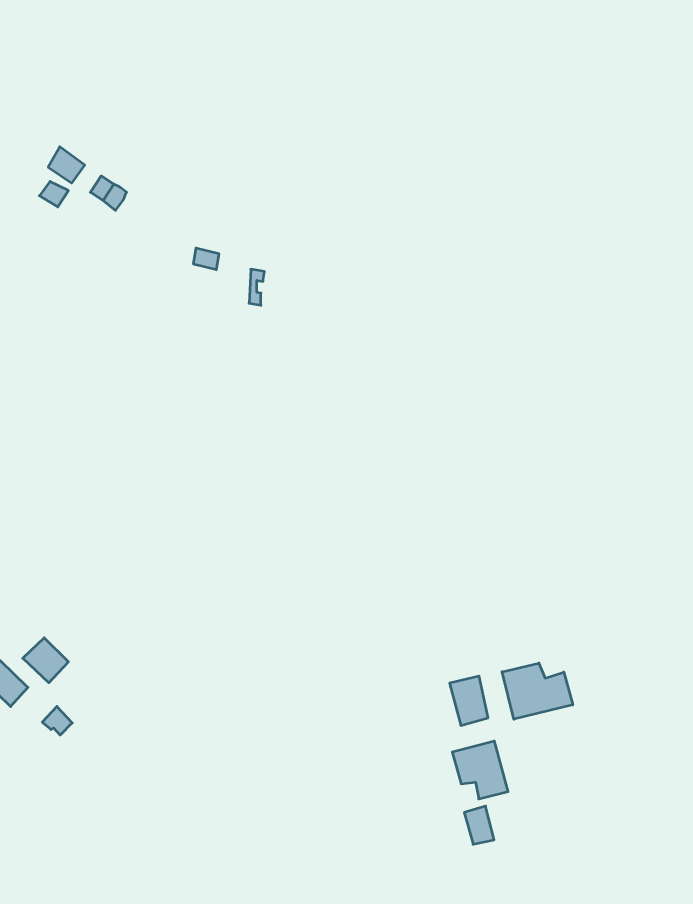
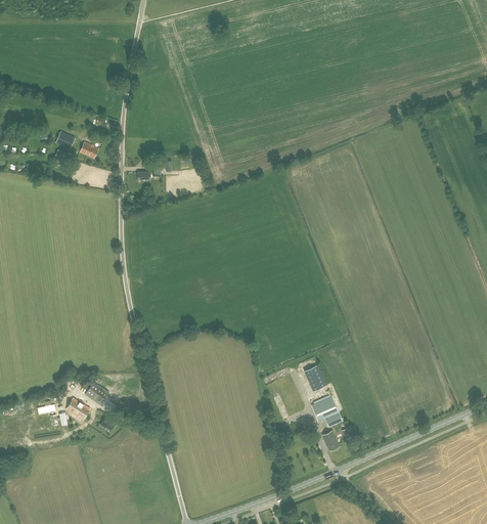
building: [502,663,573,719] -> none

